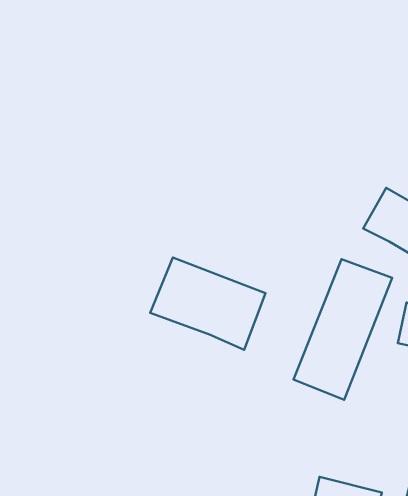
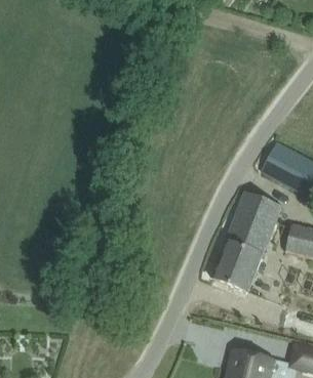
building: [150,258,266,350] -> none

